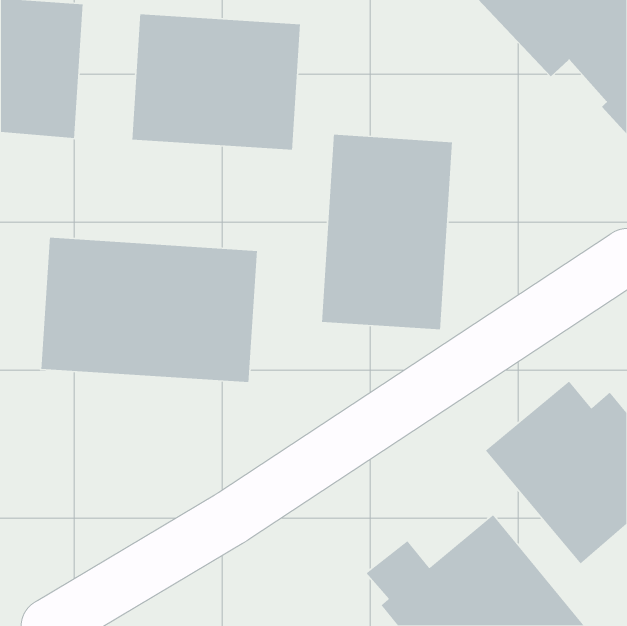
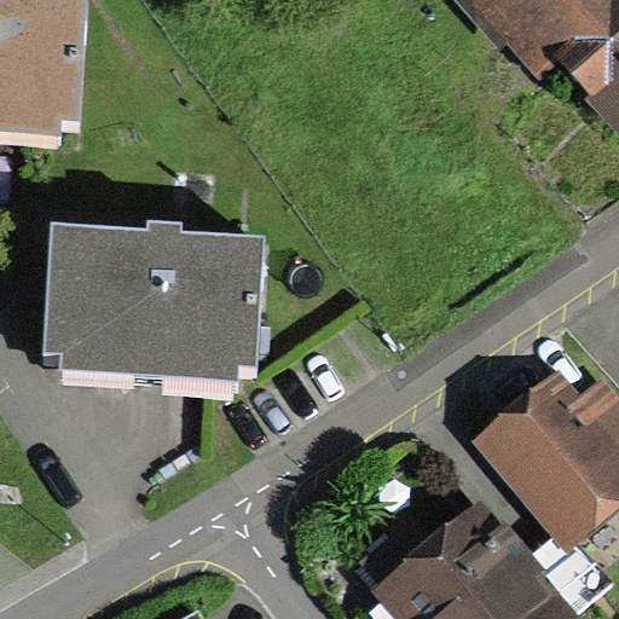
building: [131,14,301,150] -> none
building: [321,134,453,330] -> none

